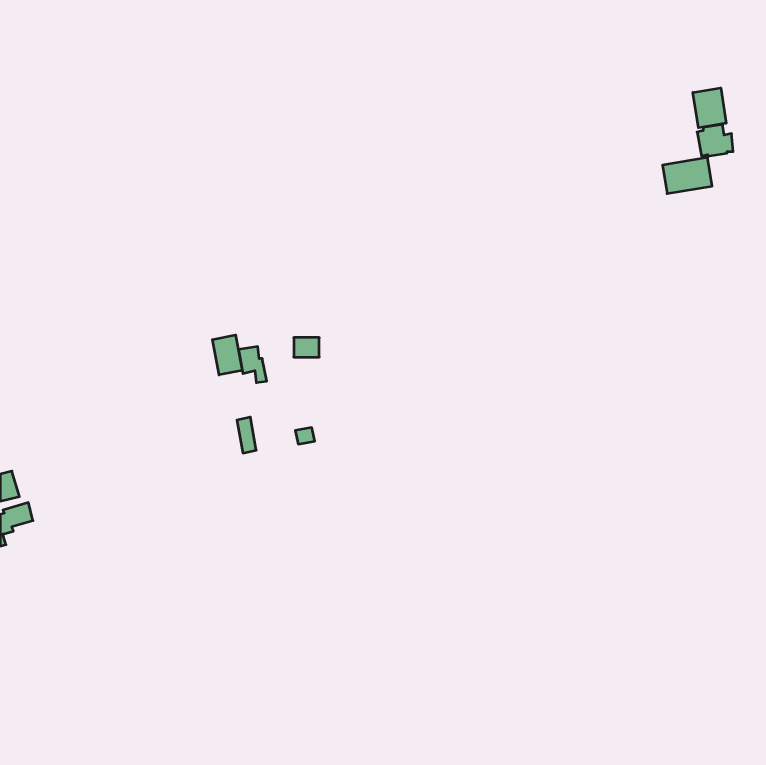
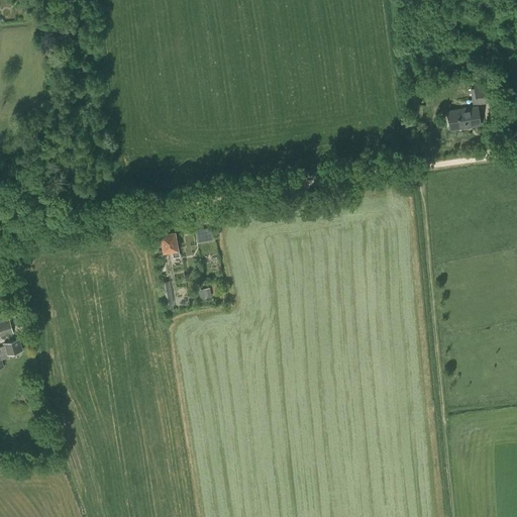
building: [693,88,726,128] -> none
building: [212,335,242,375] -> none

